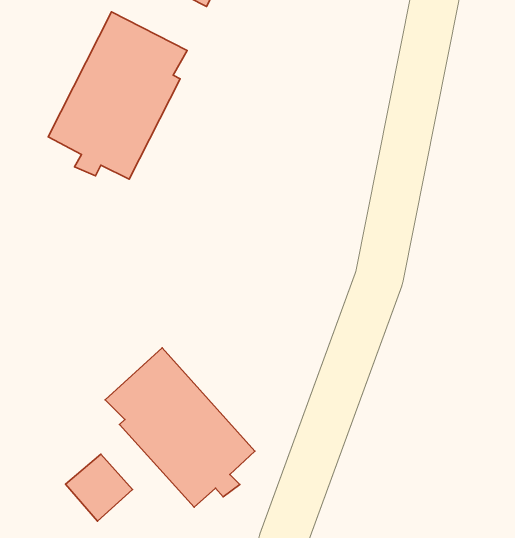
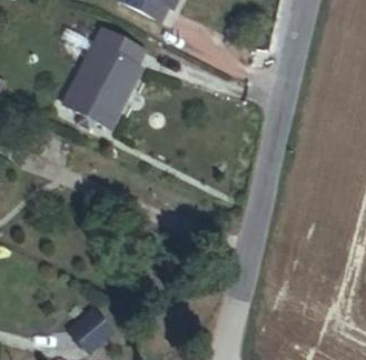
building: [105,348,255,507] -> none

